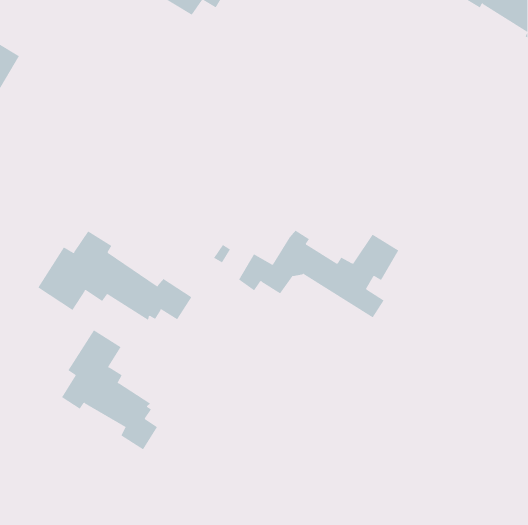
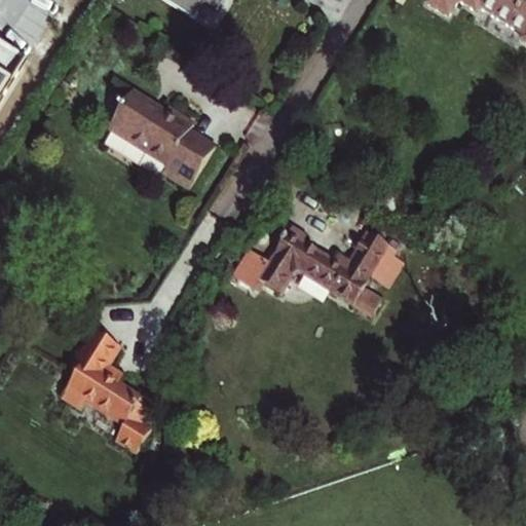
building: none -> [108,90,214,187]
building: [37,231,192,321] -> none

